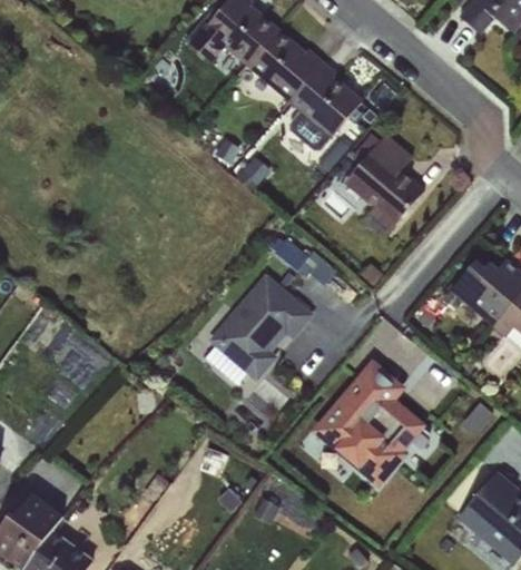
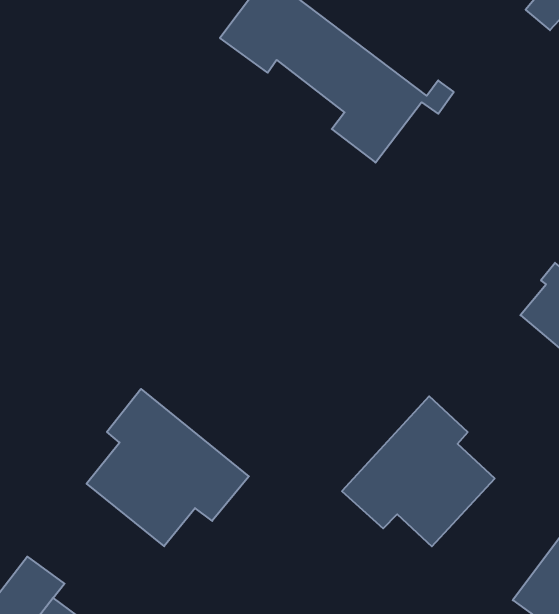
building: [341,130,425,238] -> none
building: [199,272,315,385] -> none
building: none -> [87,389,249,546]

